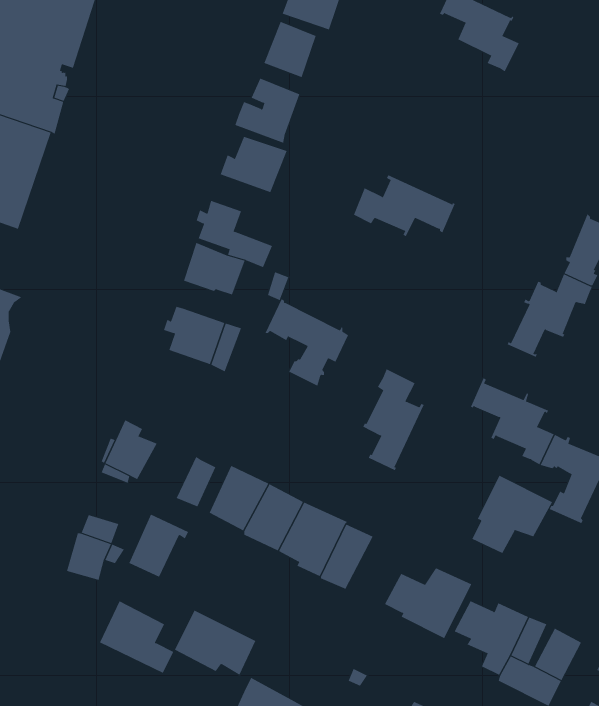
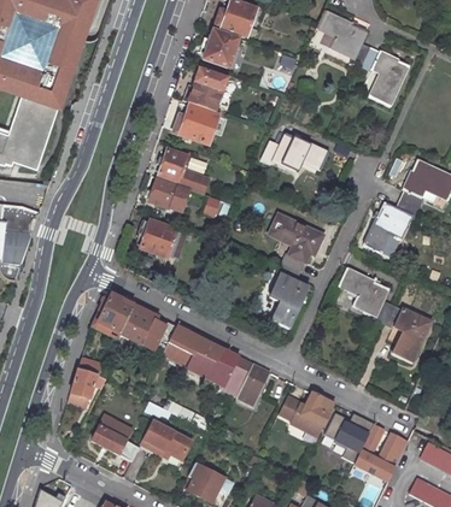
building: none -> [361,46,409,105]
building: [265,299,349,386] -> [266,212,322,270]
building: [472,475,553,554] -> none
building: [128,514,189,578] -> [123,303,163,346]

